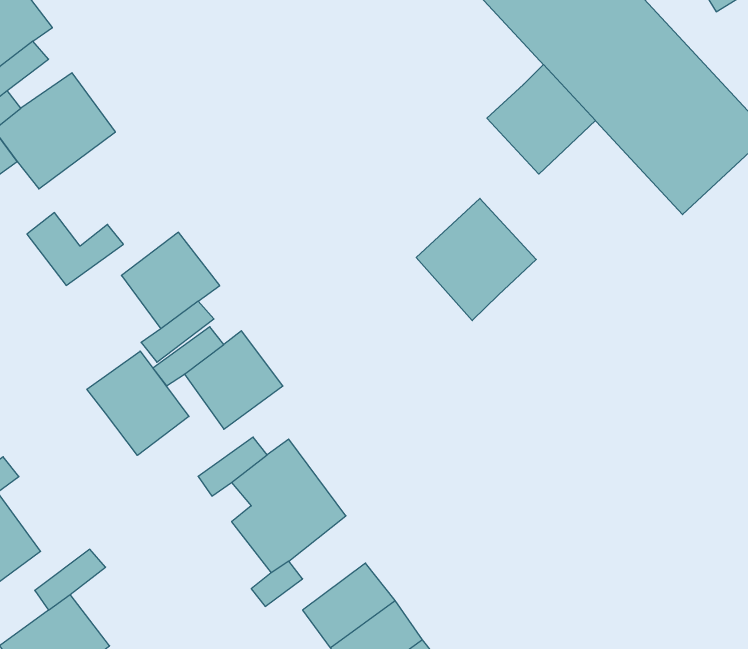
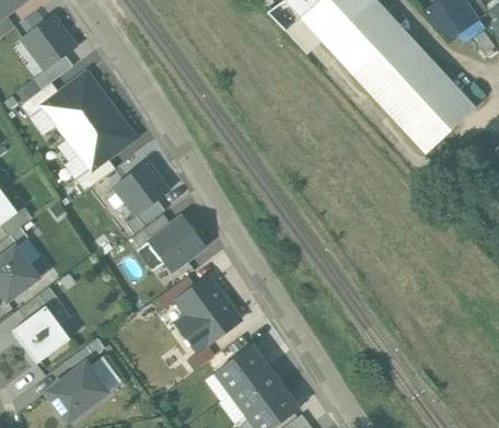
building: [487,65,595,174] -> none
building: none -> [68,105,134,169]
building: [416,198,536,321] -> none
building: [87,351,189,455] -> none

